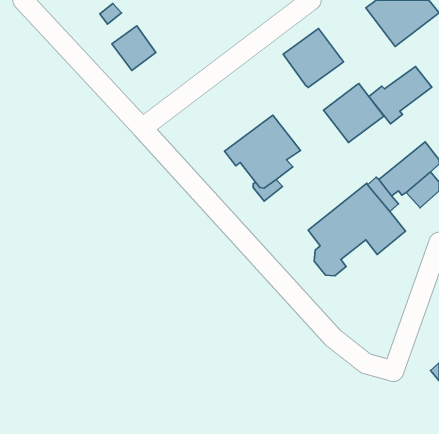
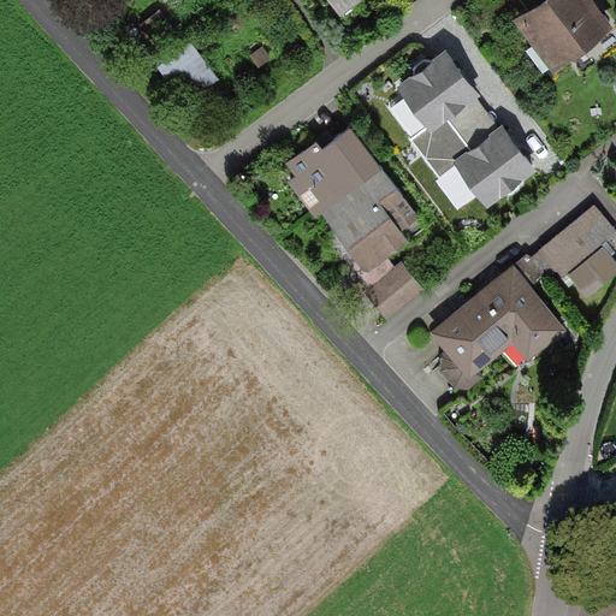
building: [369,66,432,124] -> [409,99,497,179]
building: none -> [286,125,381,219]

